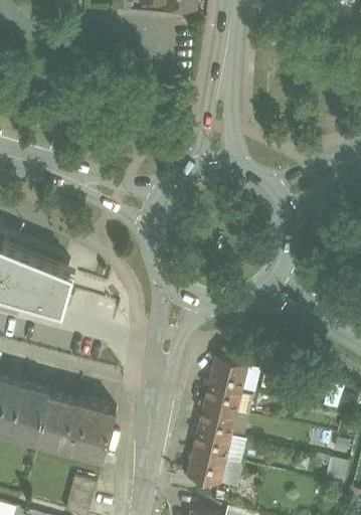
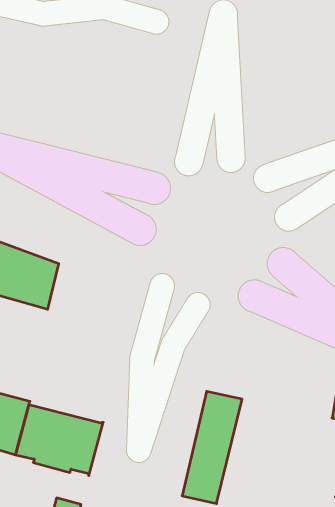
building: [209,361,259,396] -> none

